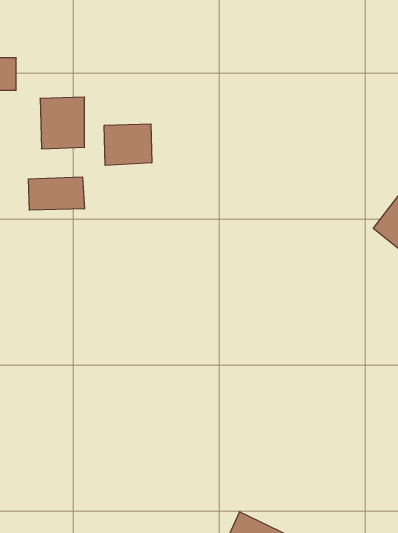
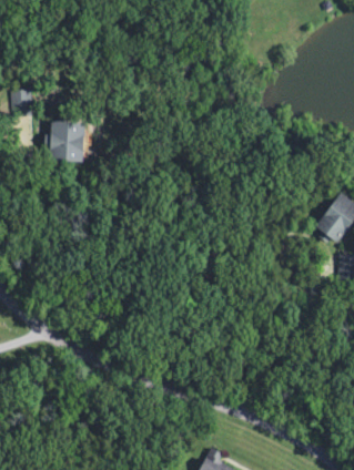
building: [104,124,152,165] -> none
building: [29,177,84,210] -> none

